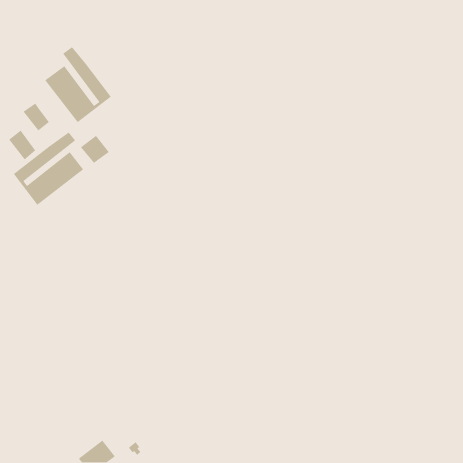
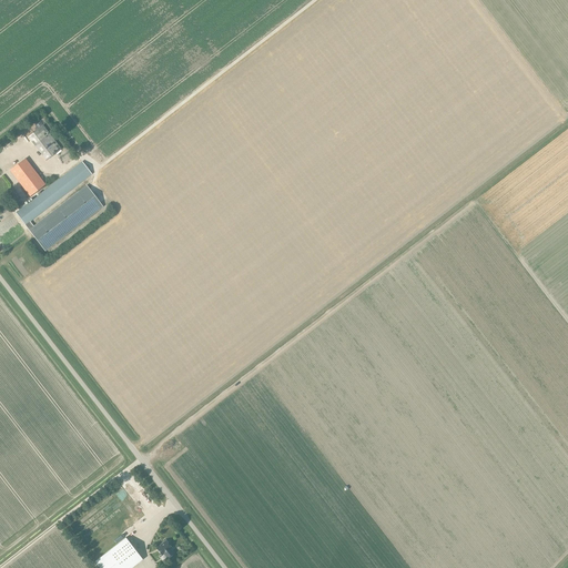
building: [44,46,112,123] -> none
building: [80,135,110,164] -> none

